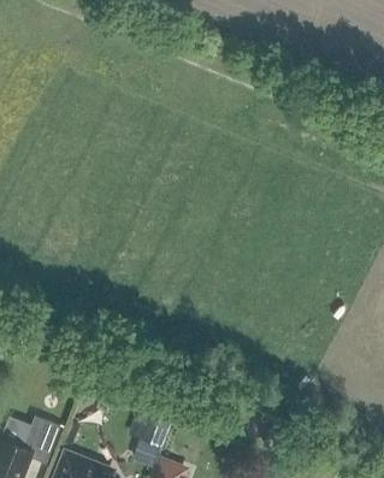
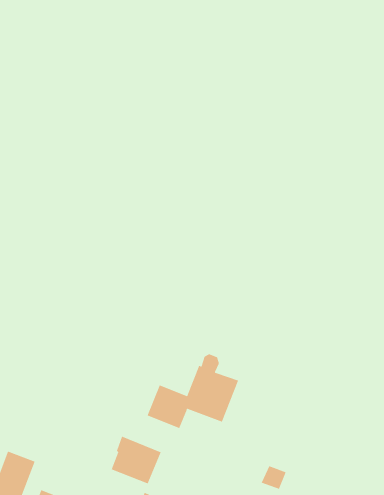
building: none -> [147,353,239,429]

